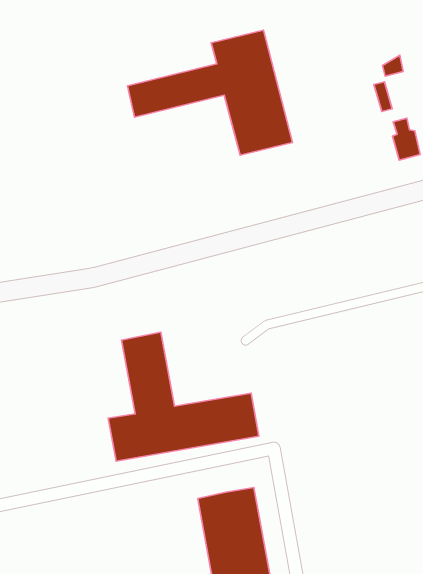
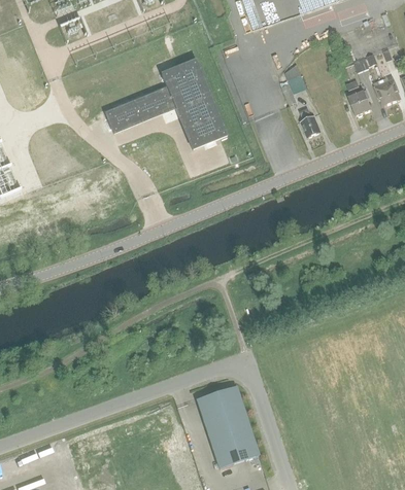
building: [108,332,259,461] -> none

